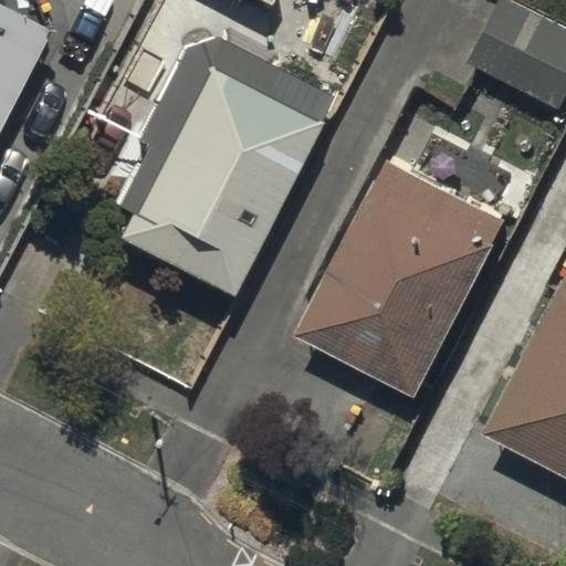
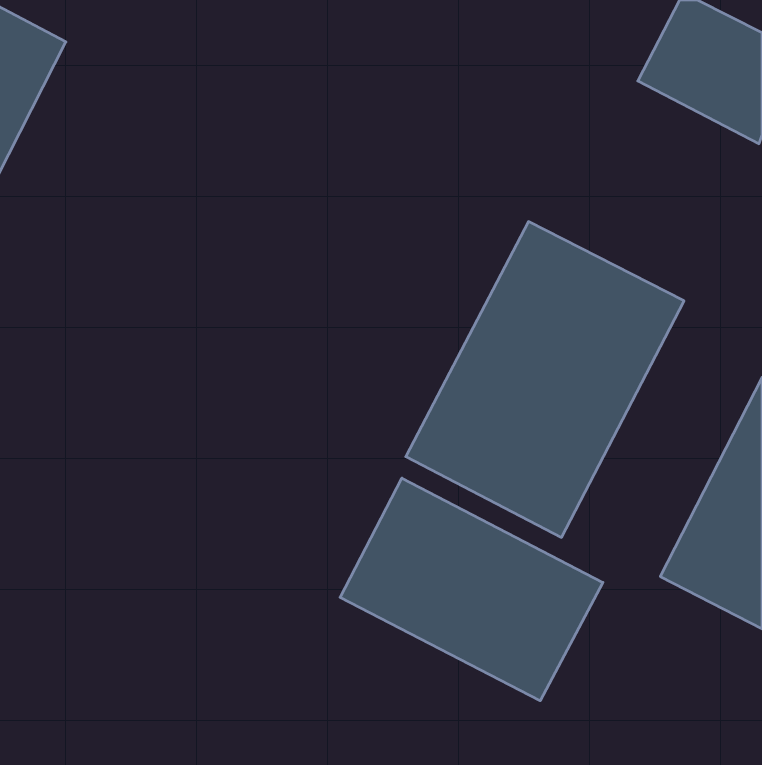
building: [116,71,316,296] -> none
building: none -> [340,478,603,701]

